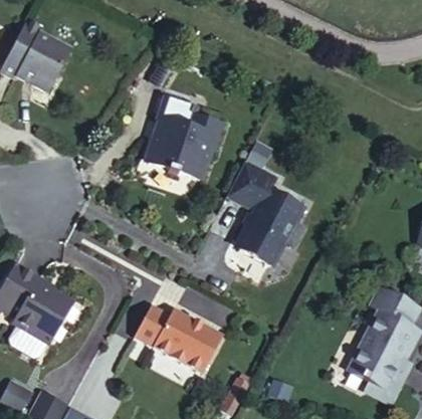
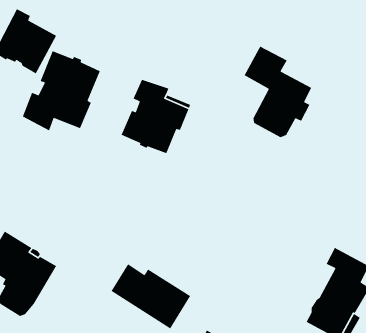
building: none -> [22,50,101,131]
building: [226,166,302,268] -> [243,46,312,138]

